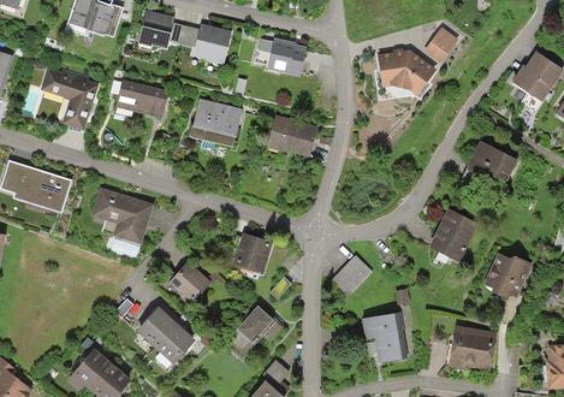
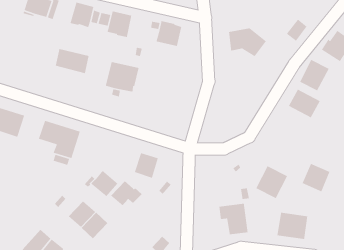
building: [423,28,456,63] -> [286,19,308,42]
building: [41,66,100,130] -> none
building: none -> [299,59,330,92]
building: [267,115,317,158] -> none
building: [428,208,477,259] -> [255,165,288,199]
building: [330,253,373,296] -> none
building: [237,306,285,344] -> [110,180,143,206]

